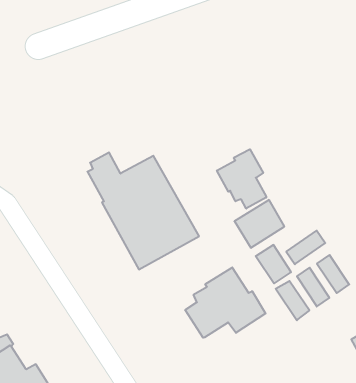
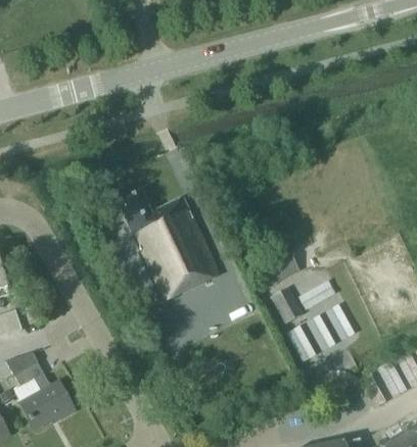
building: [217,149,266,209] -> none
building: [185,267,266,338] -> none

